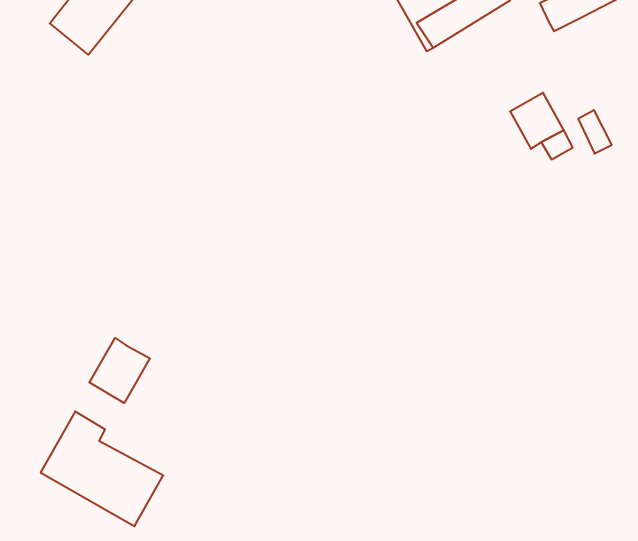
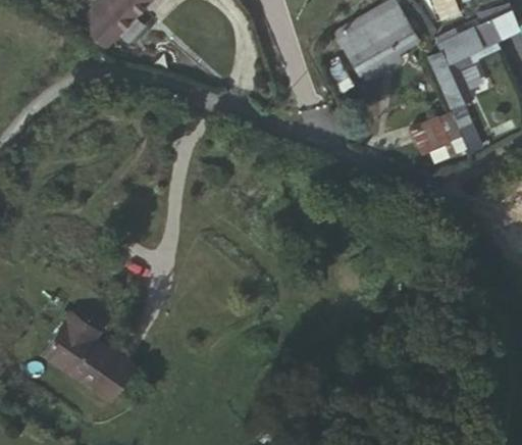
building: none -> [432,57,473,110]
building: [89,338,150,403] -> none

